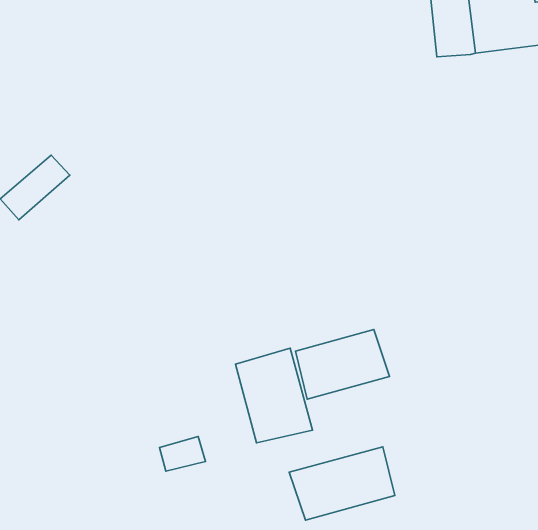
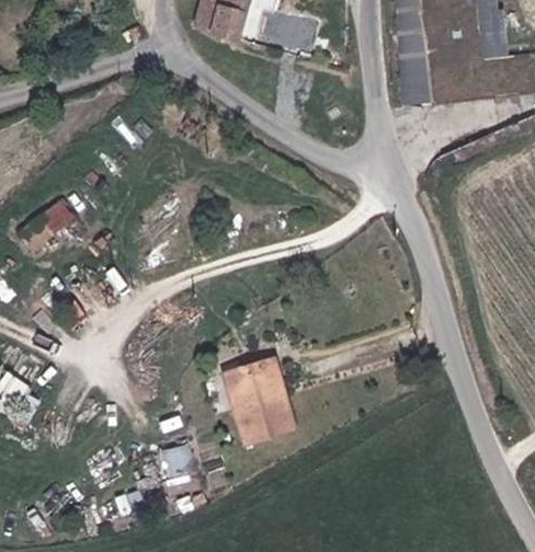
building: [295,330,390,399] -> none
building: [289,447,395,520] -> none

